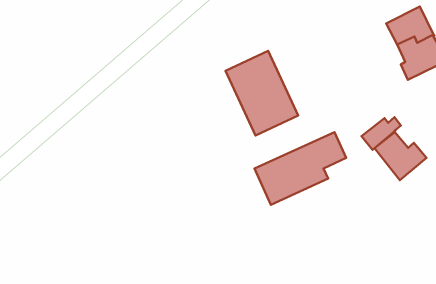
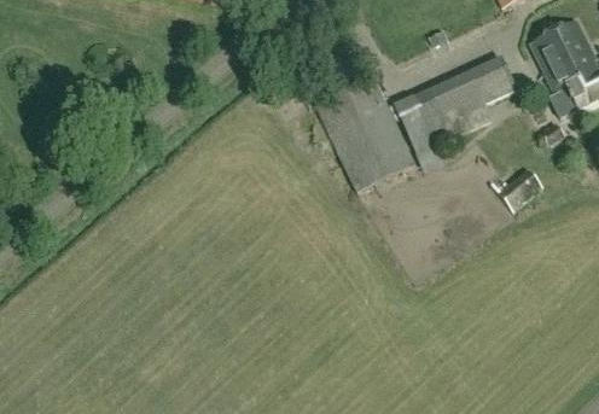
building: [374,132,426,180] -> none
building: [255,132,346,205] -> [394,57,516,153]

